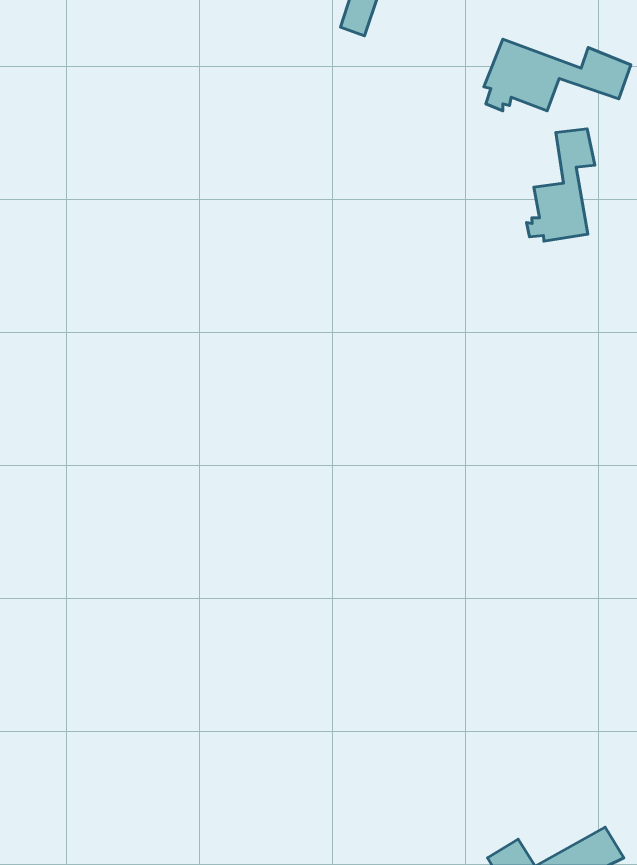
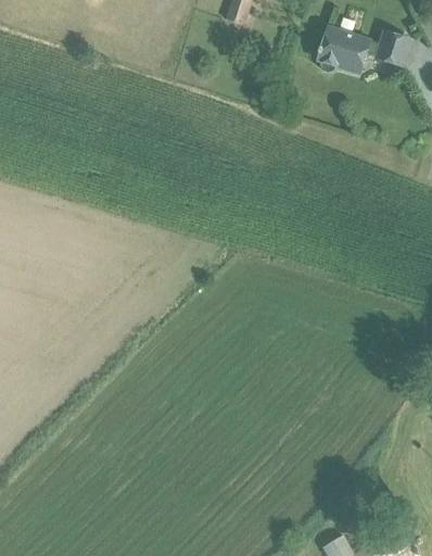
building: [526,129,595,241] -> none

